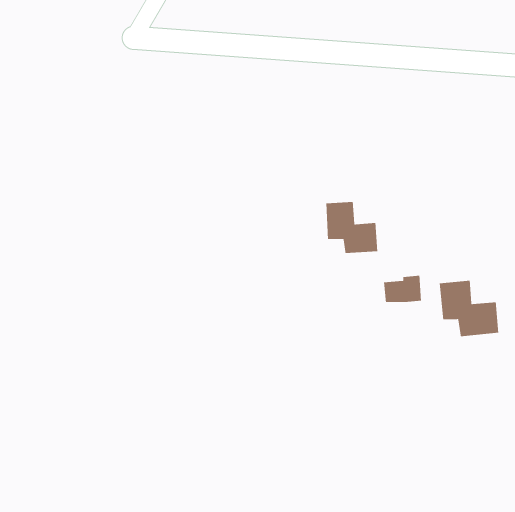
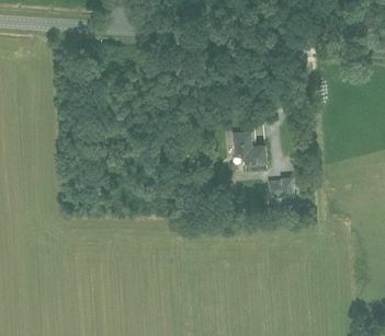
building: [439,280,499,337] -> none

